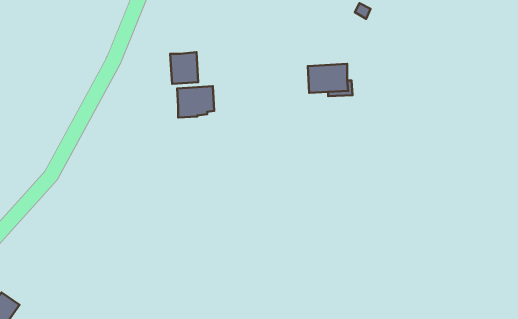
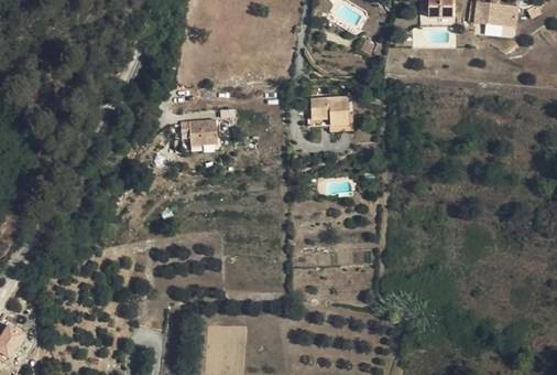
building: [170,52,198,84] -> none

